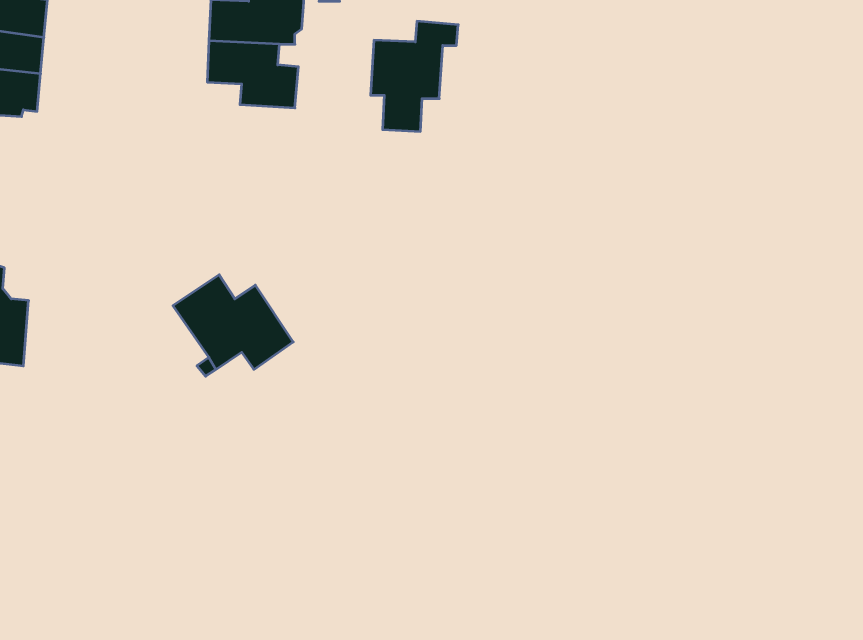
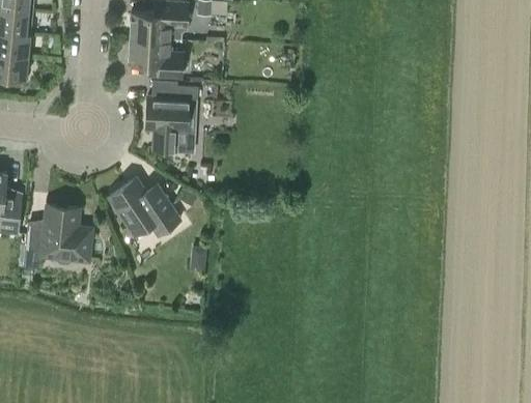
building: [371,21,458,131] -> [145,85,198,151]
building: none -> [23,204,91,268]

